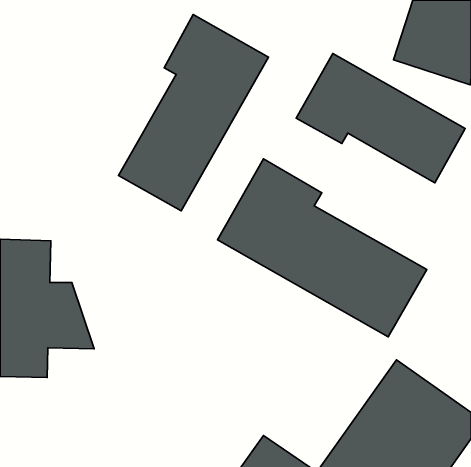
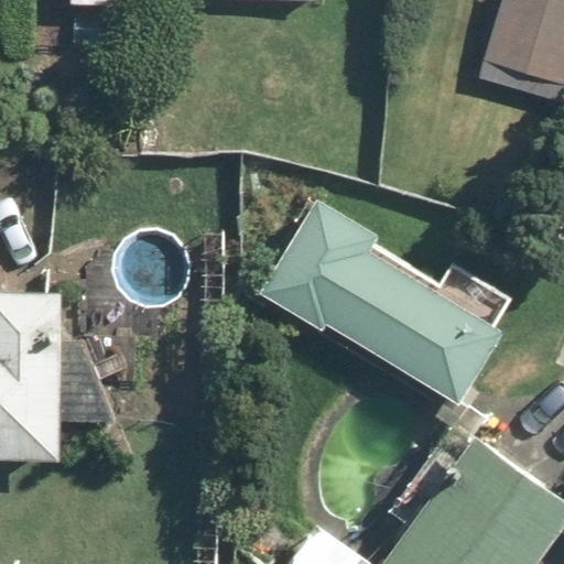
building: [118,15,268,211] -> none
building: [296,53,465,183] -> none

